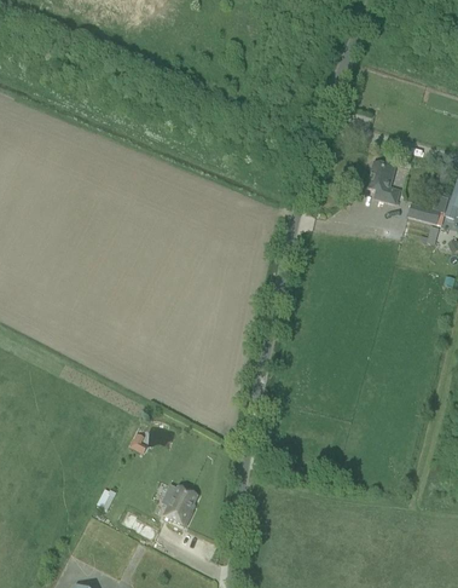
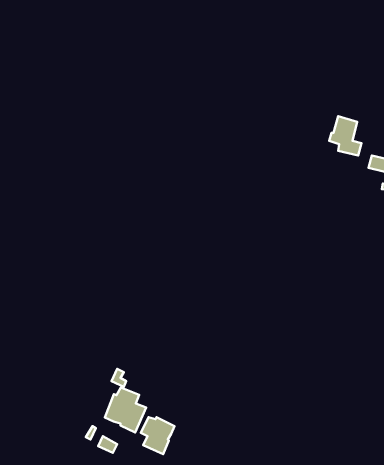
building: none -> [105,388,146,433]

